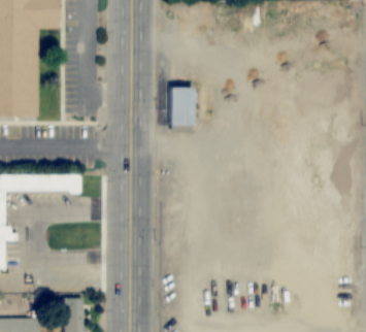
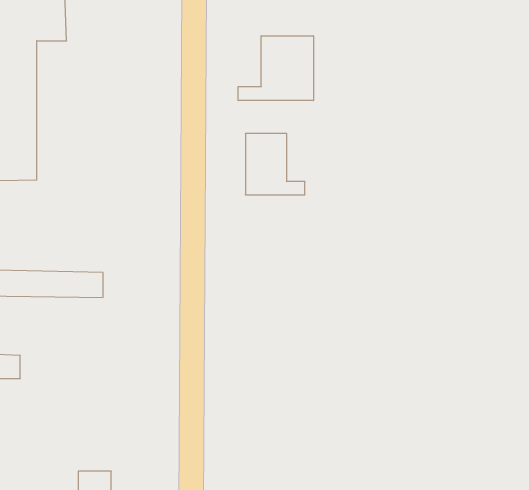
building: none -> [238,36,313,101]

